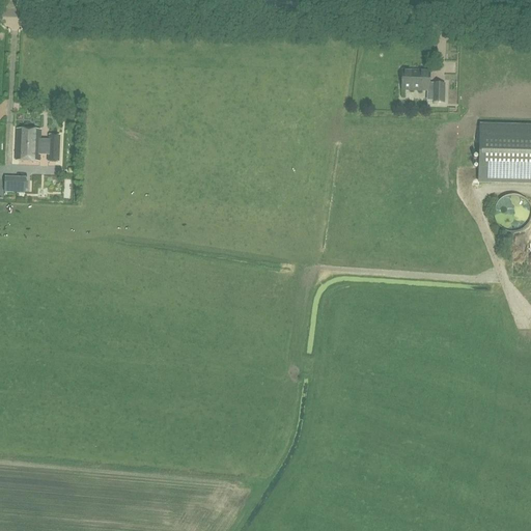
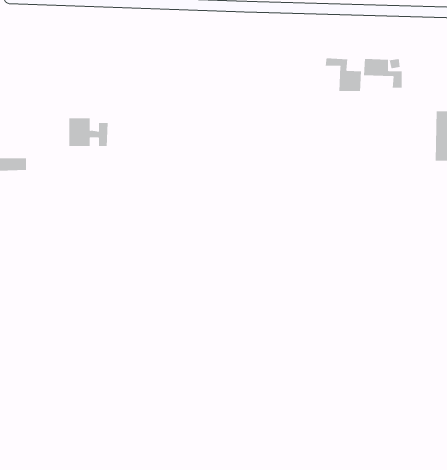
building: none -> [325,57,361,92]
building: [17,127,60,158] -> [68,118,109,147]

